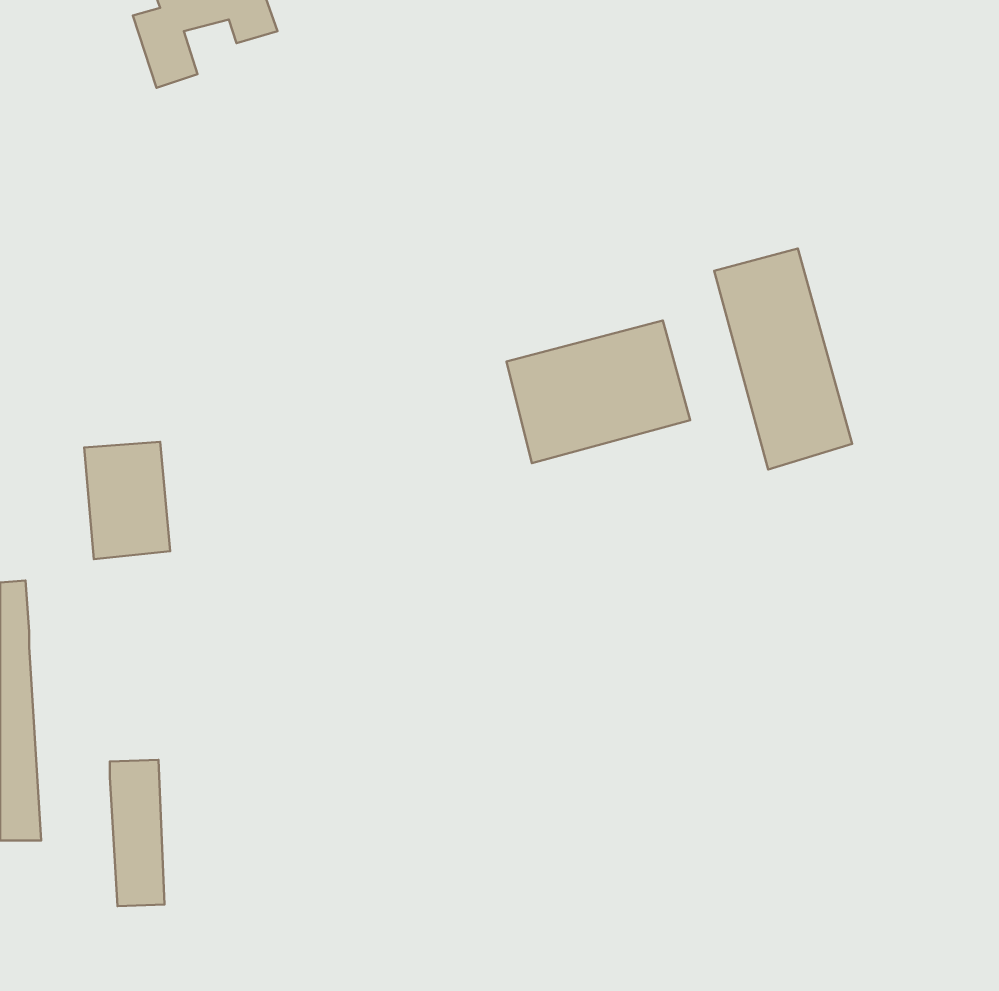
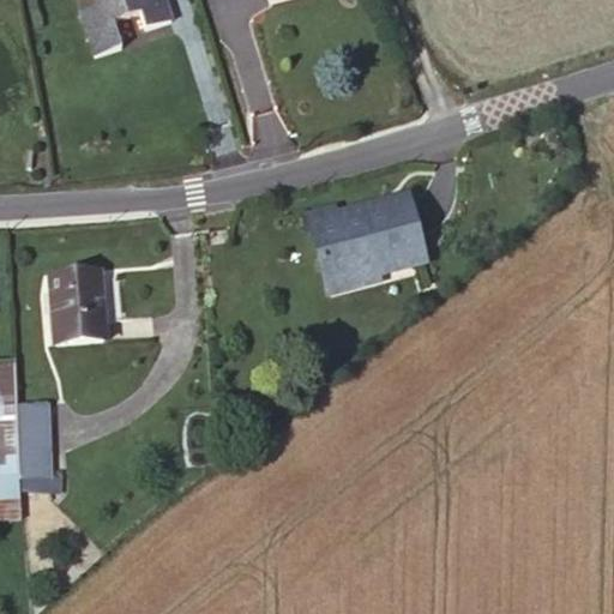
building: [714,249,852,469] -> none
building: [110,760,165,906] -> [18,386,52,476]

